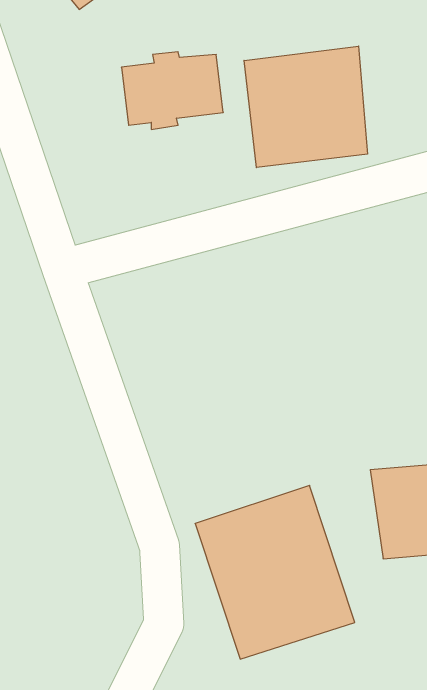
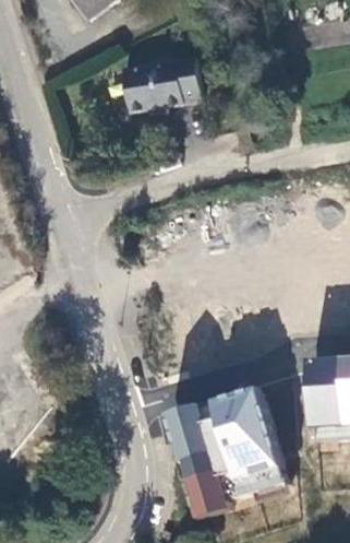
building: [244,46,367,168] -> none

